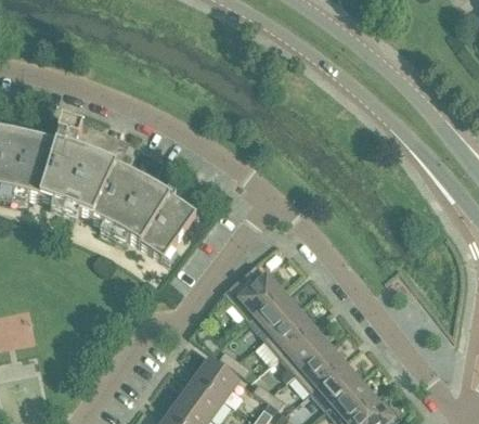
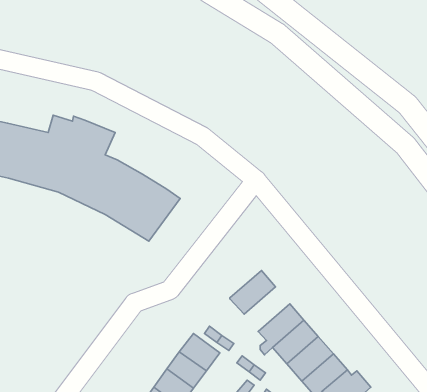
building: [224,268,284,319] -> none
building: [266,307,314,355] -> none

